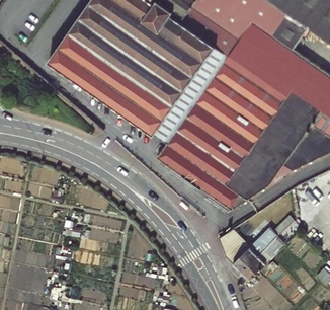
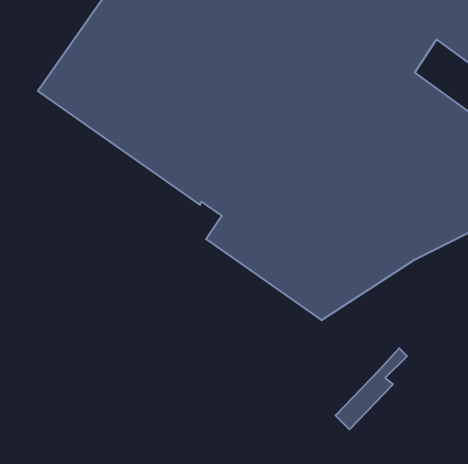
building: [219,230,270,272] -> none

